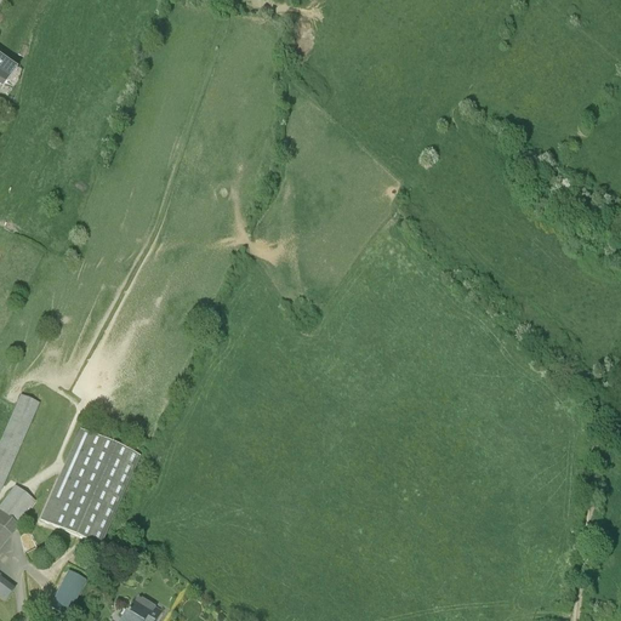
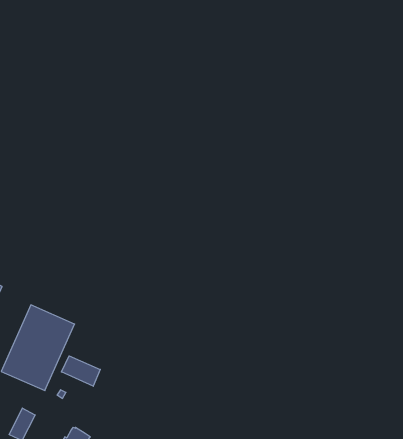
building: none -> [61,356,100,386]

